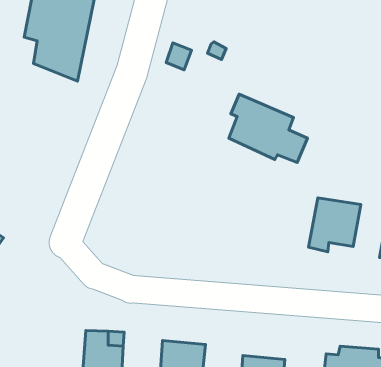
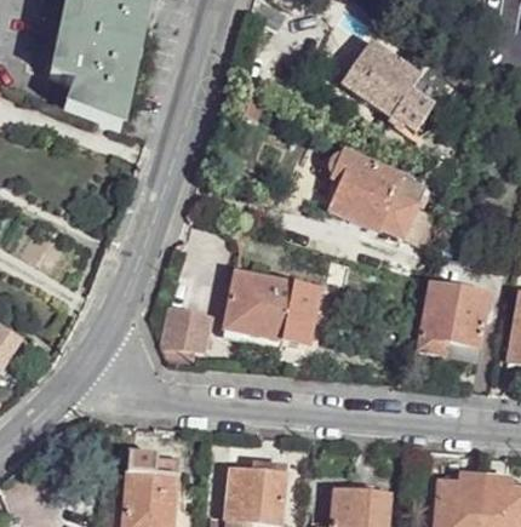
building: none -> [343,31,430,130]
building: none -> [225,273,317,343]
building: none -> [165,309,212,350]

